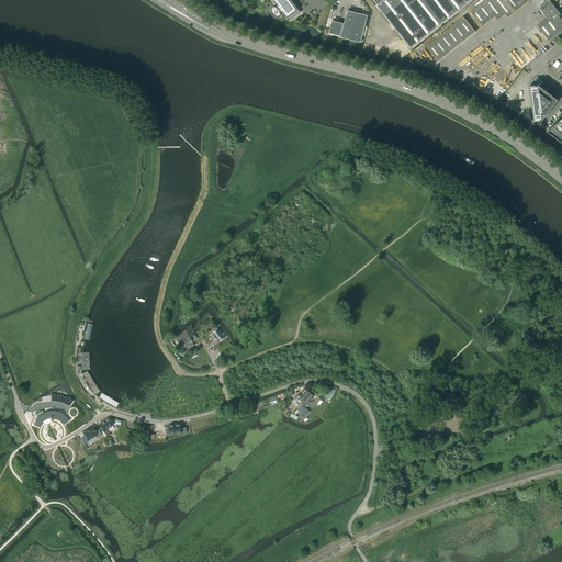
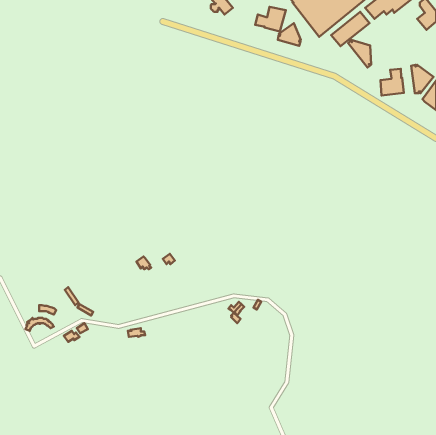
building: none -> [278,23,301,46]
building: none -> [348,40,371,67]
building: none -> [381,69,404,96]

